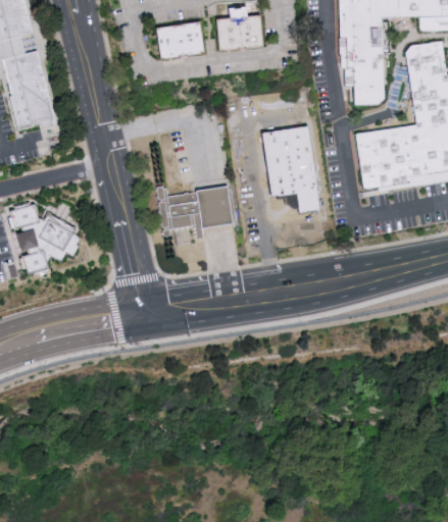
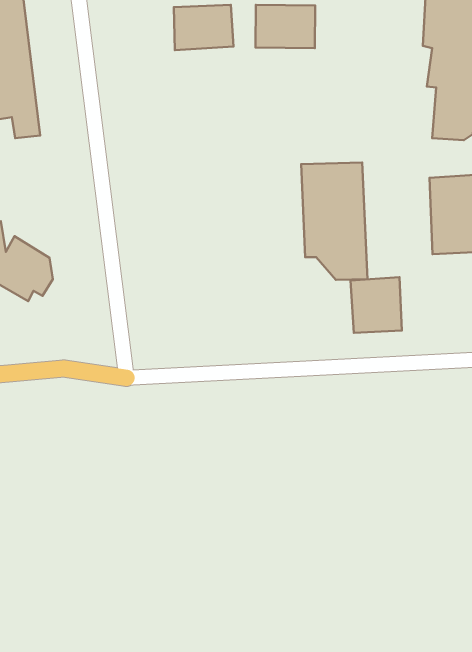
building: [157,182,237,237] -> none
building: none -> [350,277,402,333]

